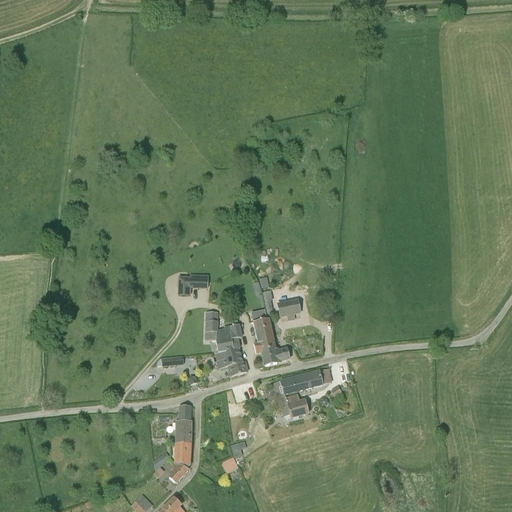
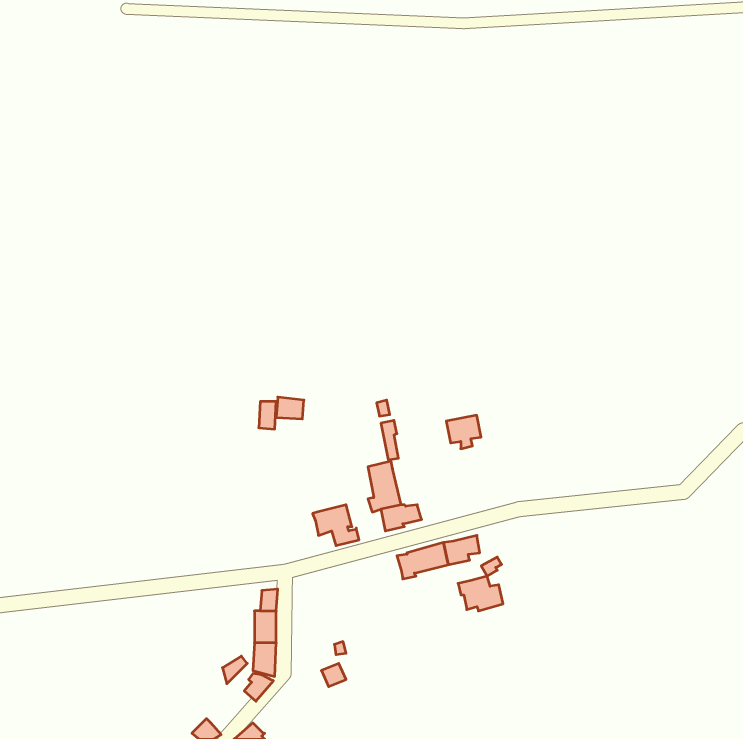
building: [277,297,301,320] -> [446,415,481,449]
building: [205,311,242,352] -> none
building: [277,393,308,417] -> [458,576,503,611]

